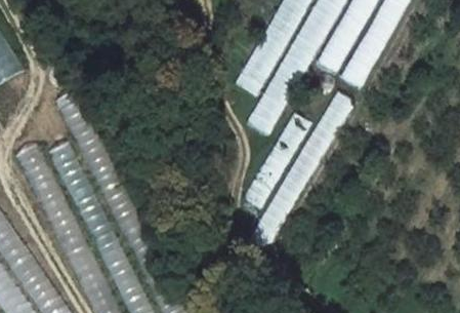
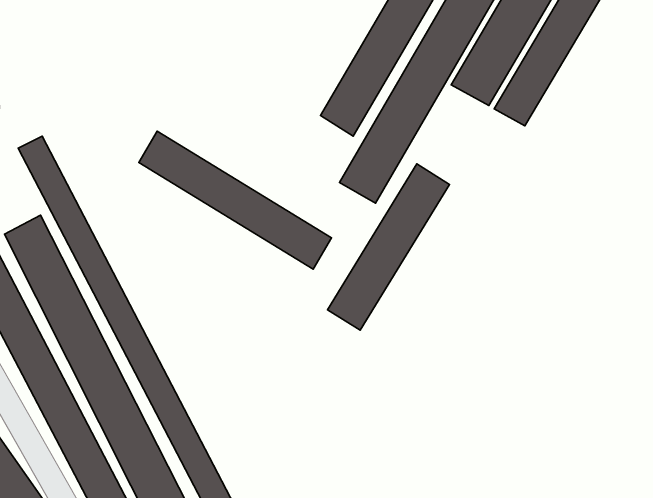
building: [250,90,357,248] -> none
building: none -> [139,131,331,269]

